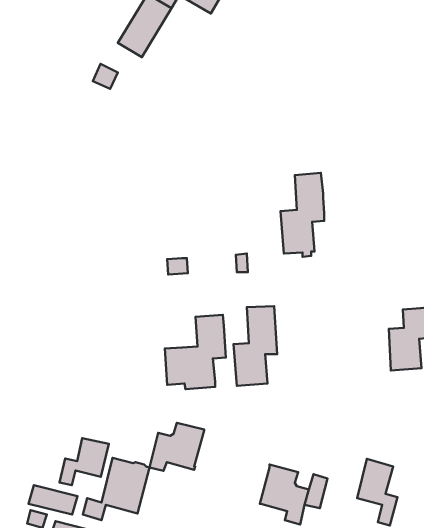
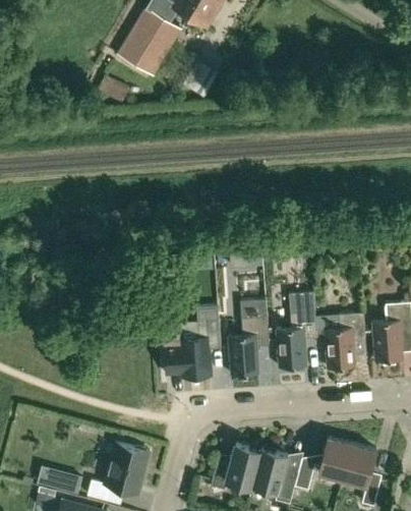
building: [281,173,324,257] -> [277,292,317,371]
building: none -> [326,313,366,367]
building: [149,423,204,471] -> [212,444,262,489]
building: [60,438,109,485] -> none
building: none -> [319,437,353,479]

